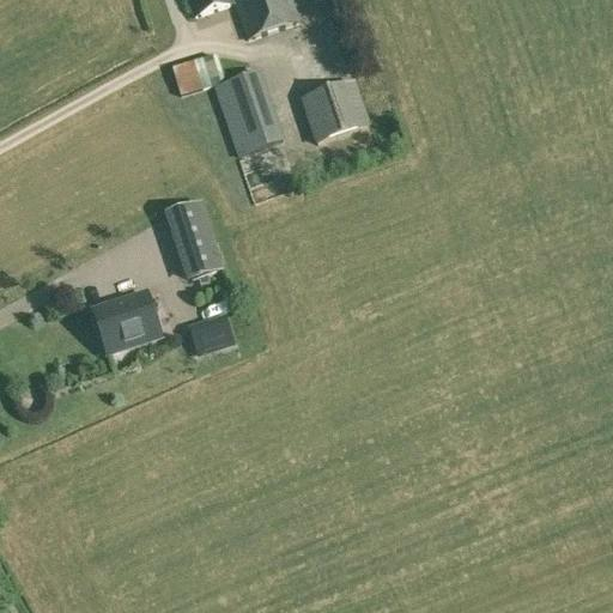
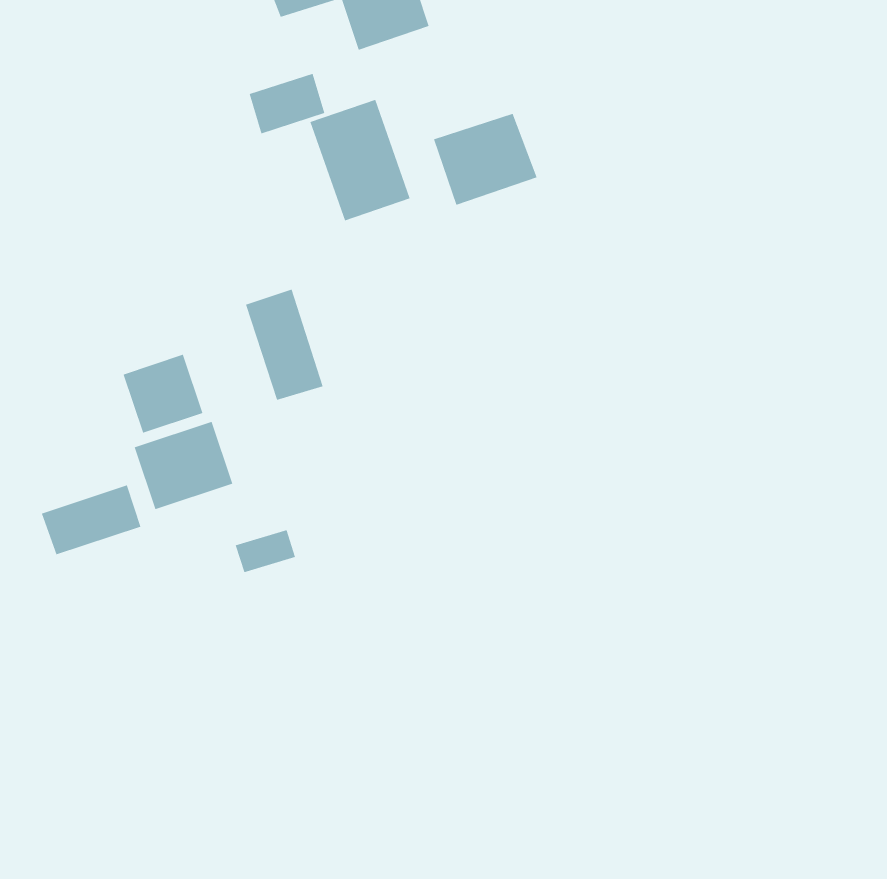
building: none -> [123,354,203,434]
building: [190,323,232,353] -> [235,529,296,573]
building: none -> [41,484,141,555]

